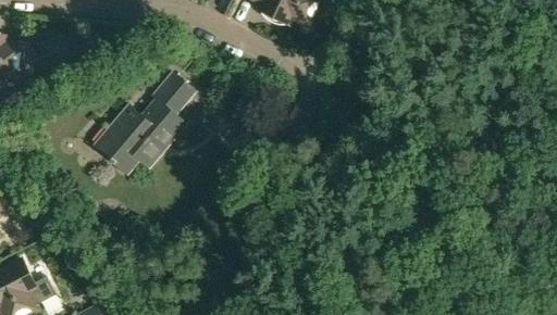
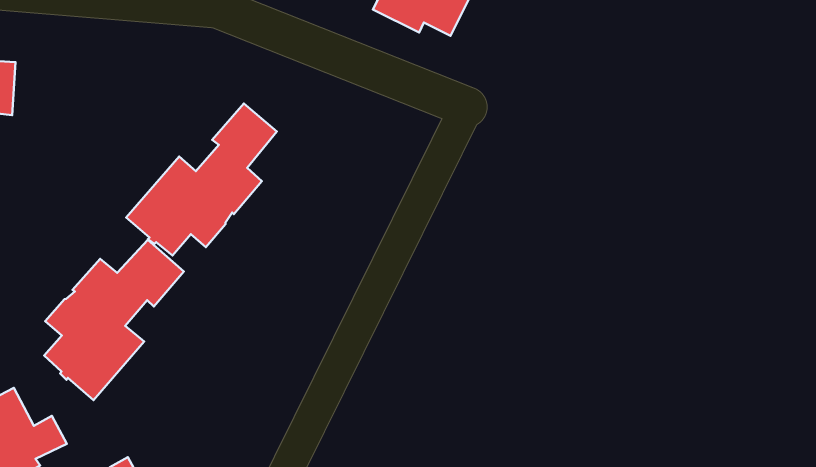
building: none -> [44,240,184,400]

